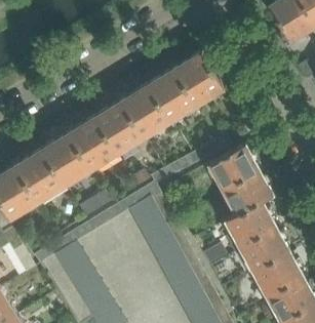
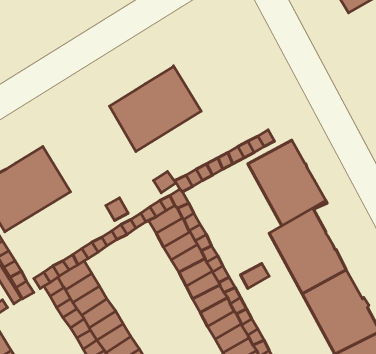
building: [148,52,224,121] -> none
building: [41,117,117,187] -> none

